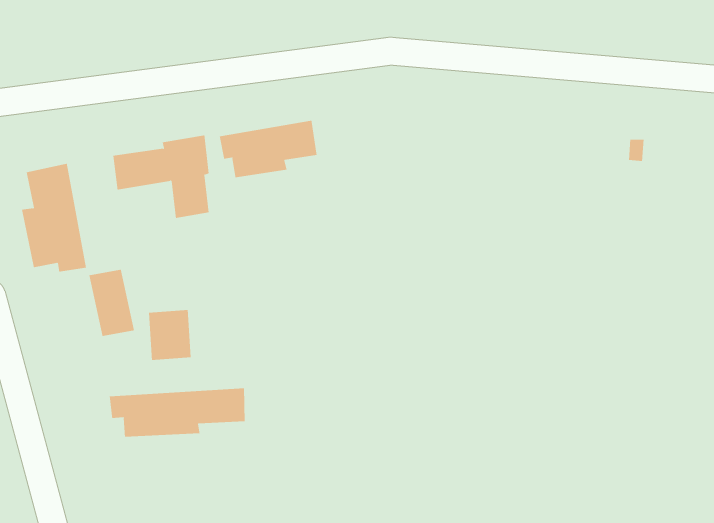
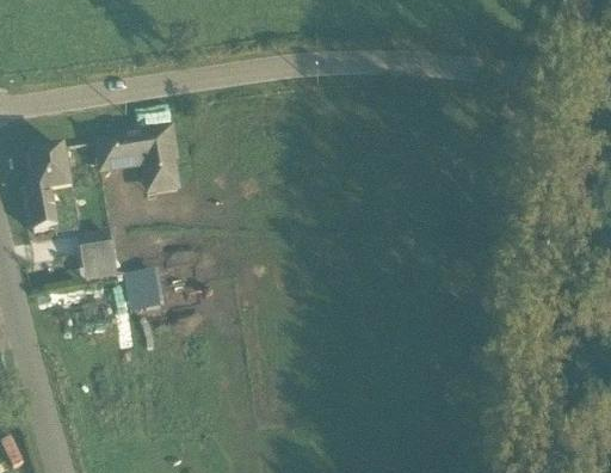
building: [219,120,317,178] -> none
building: [109,387,245,438] -> none

